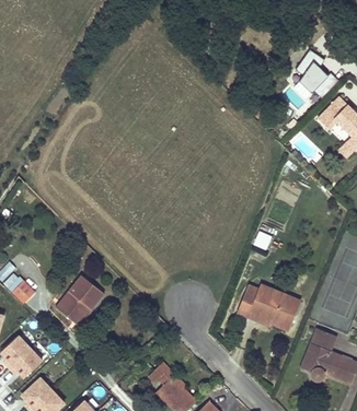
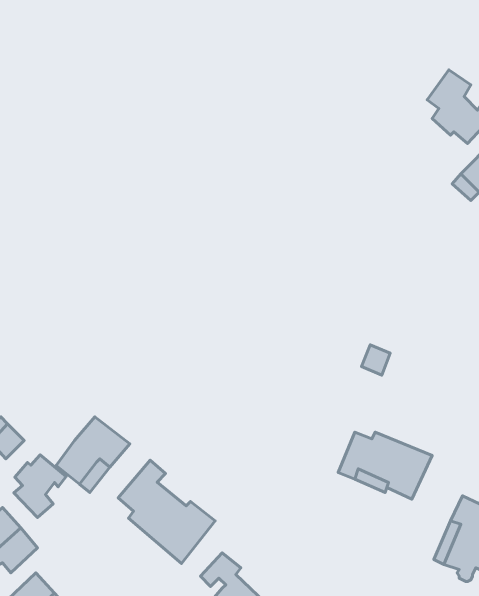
building: none -> [14,455,66,517]
building: none -> [118,460,215,564]

